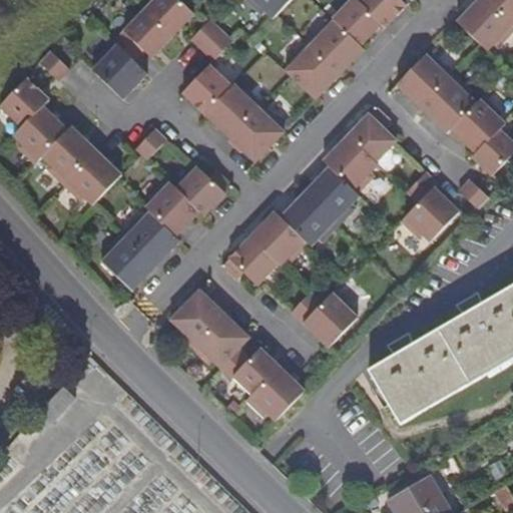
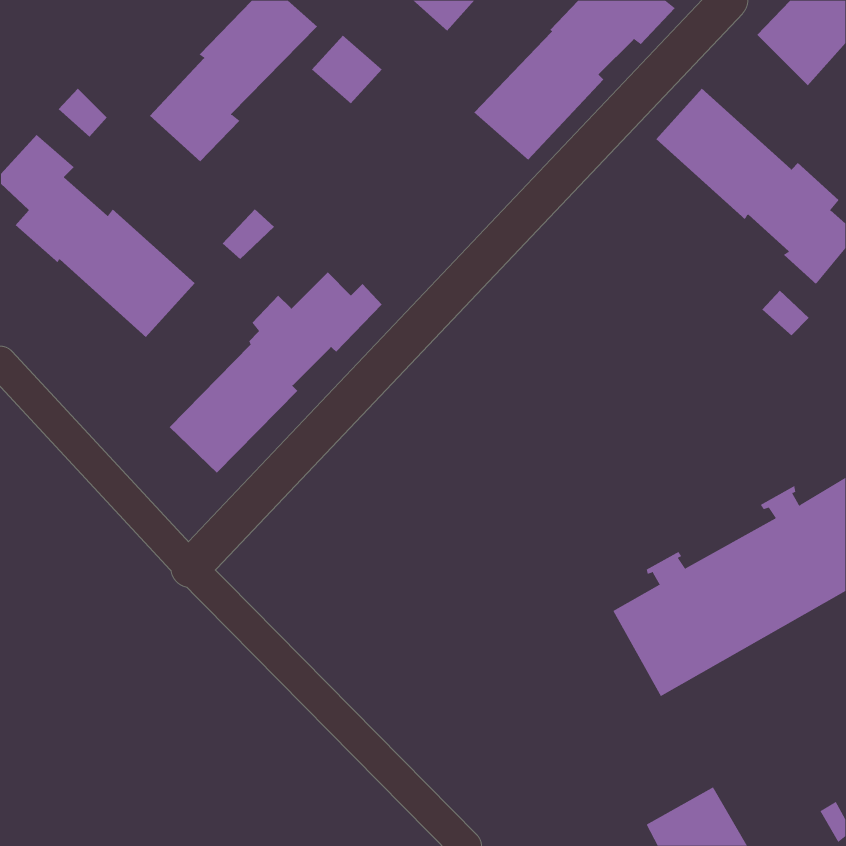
building: [181,64,286,159] -> none
building: [225,104,397,287] -> none
building: [404,168,462,241] -> none
building: [166,288,306,420] -> none
building: [293,291,358,348] -> none

